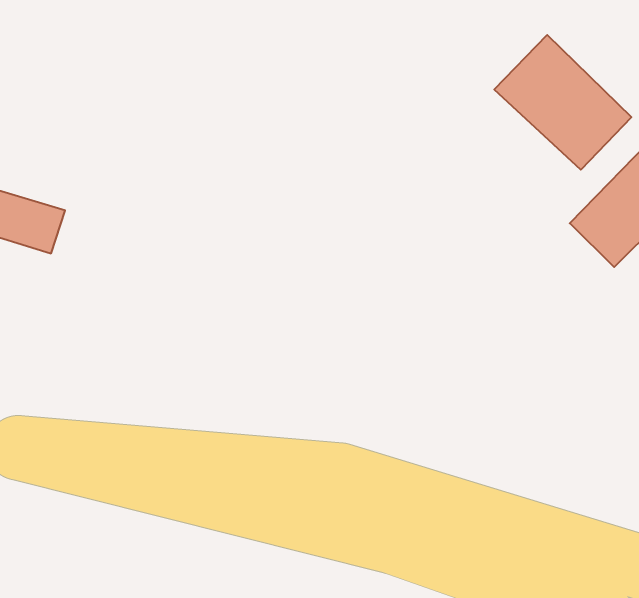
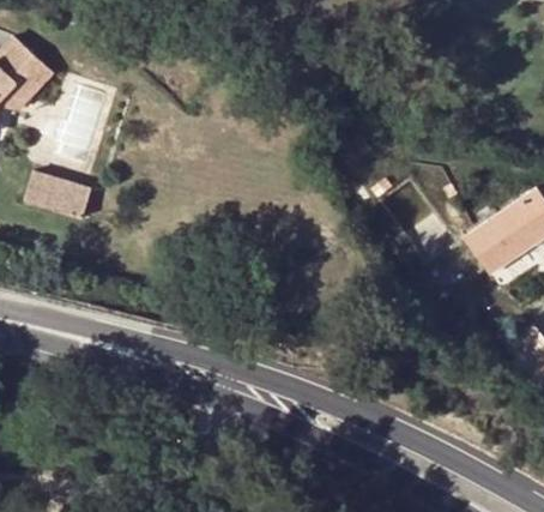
building: [494,35,631,170] -> none

